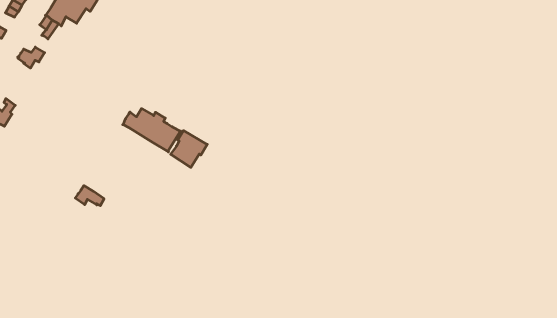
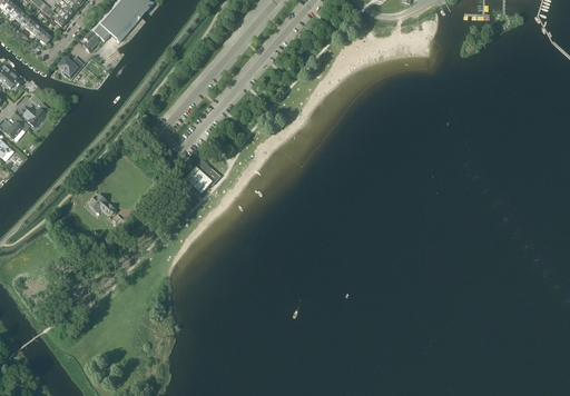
building: [123,109,181,152] -> none

